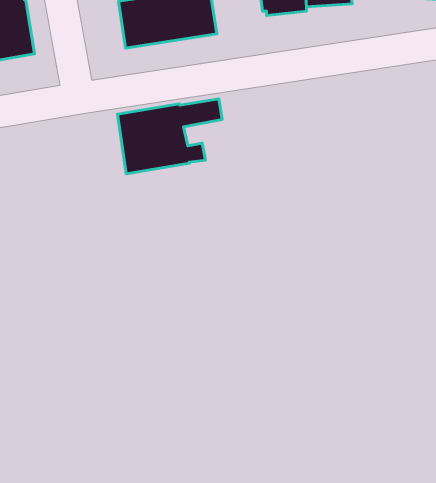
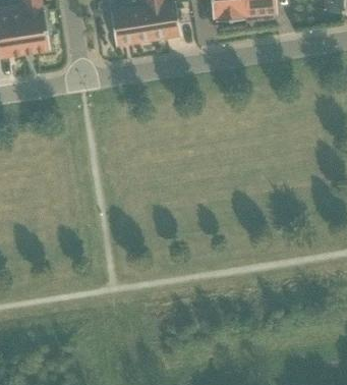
building: [117,99,222,174] -> none

